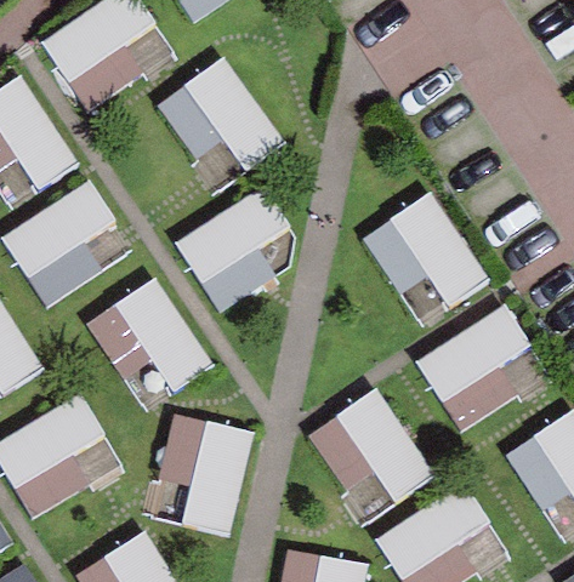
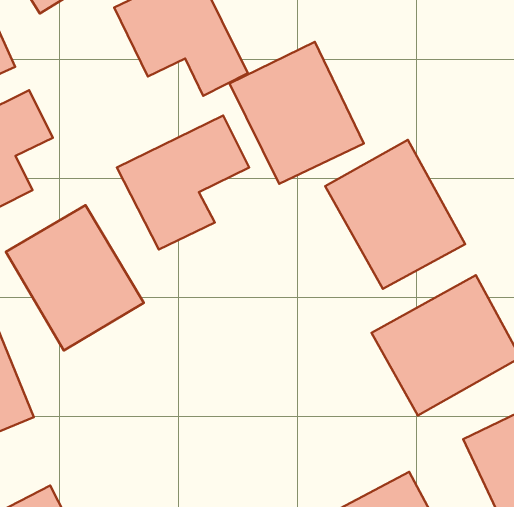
building: none -> [230,42,364,184]
building: [307,389,436,502] -> none
building: [159,413,254,535] -> none

